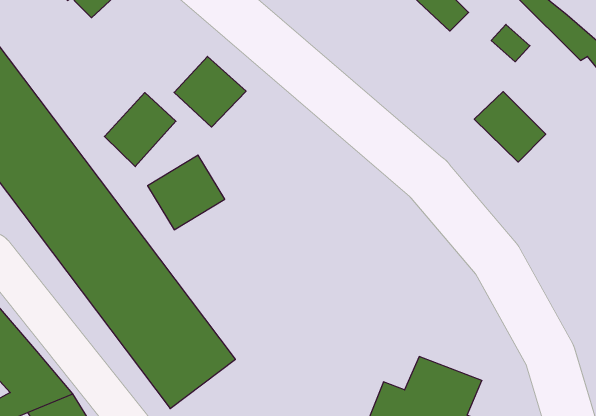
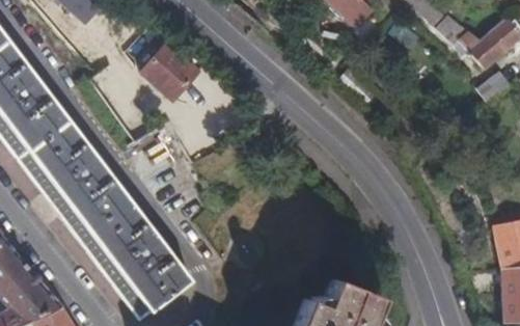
building: [474,92,546,162] -> none
building: [104,93,176,167] -> none

